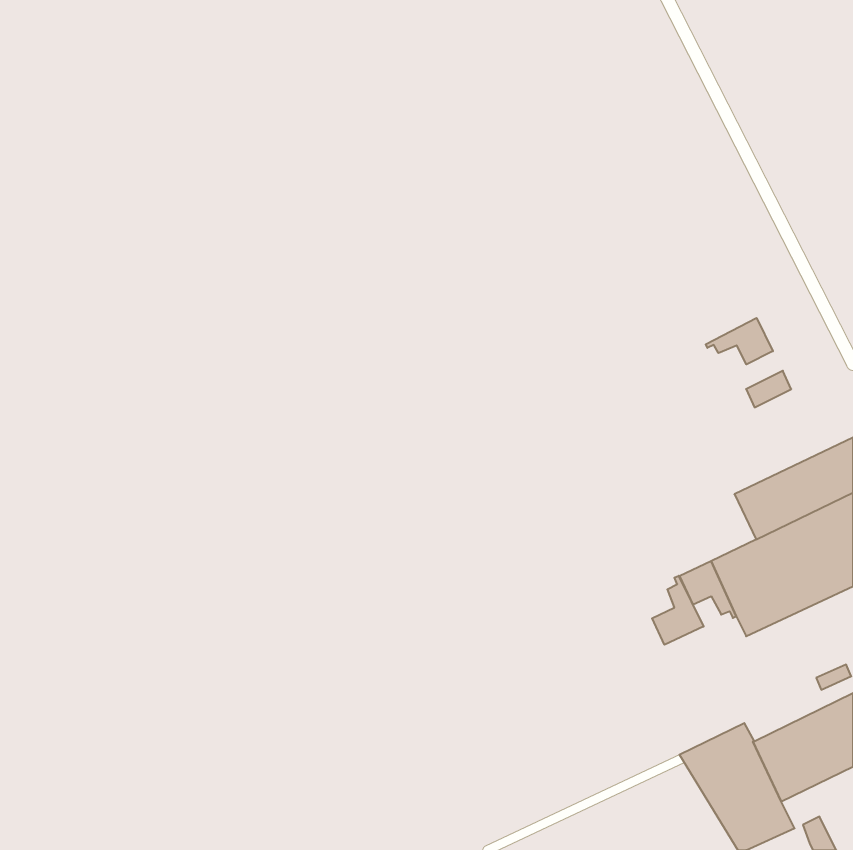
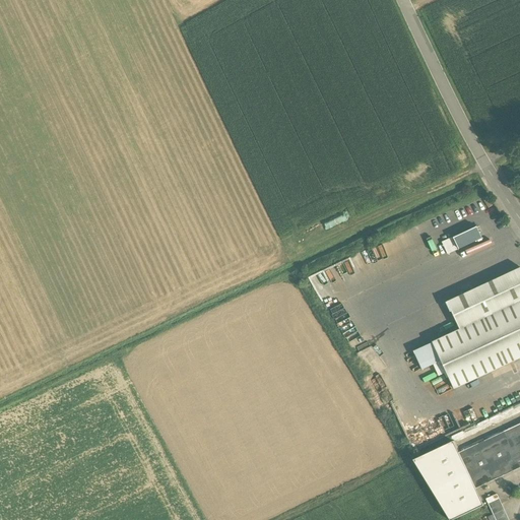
building: [706,318,773,364] -> none
building: [652,576,704,645] -> none

